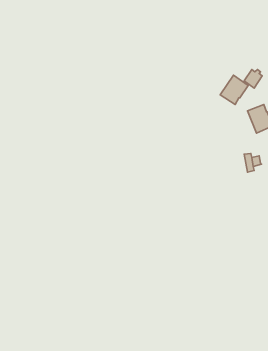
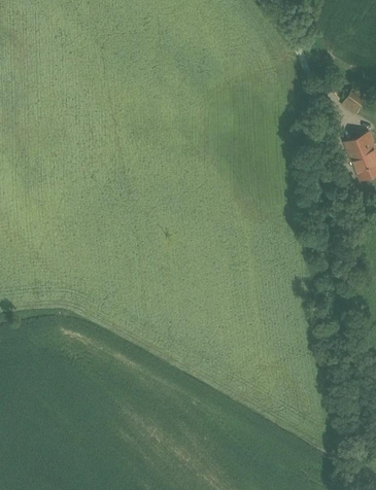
building: [220,75,248,104] -> none

